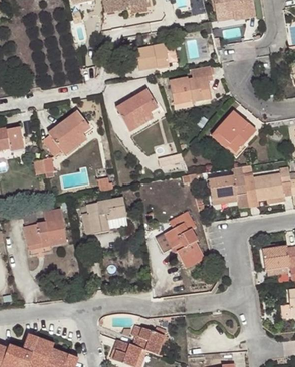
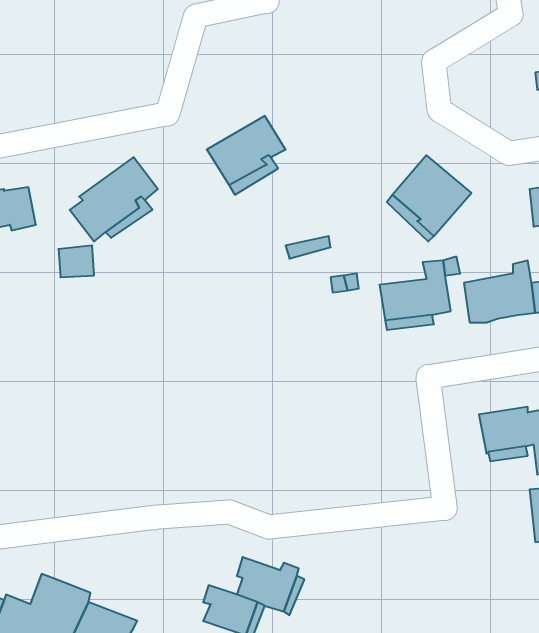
building: [128,42,170,70] -> none
building: [168,67,213,102] -> none
building: [81,198,126,234] -> none
building: [24,209,66,246] -> none
building: [164,212,204,267] -> none

